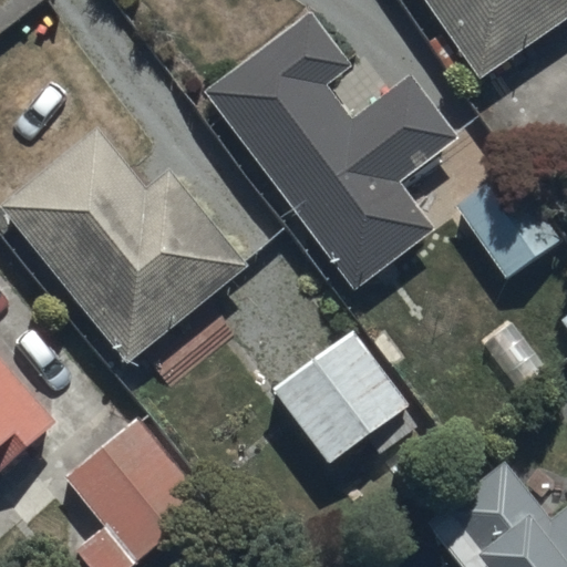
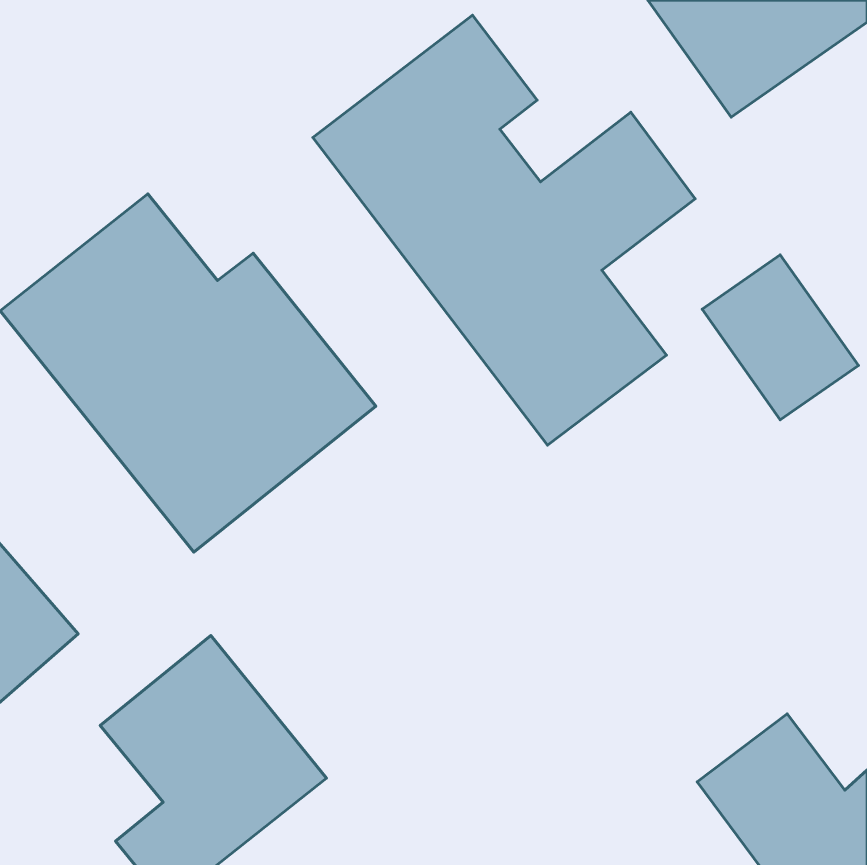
building: [267,319,421,464] -> none

